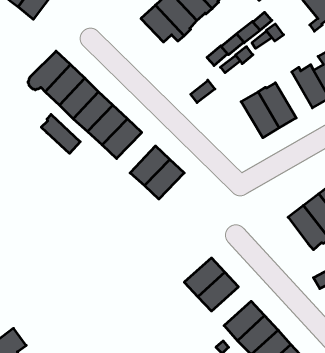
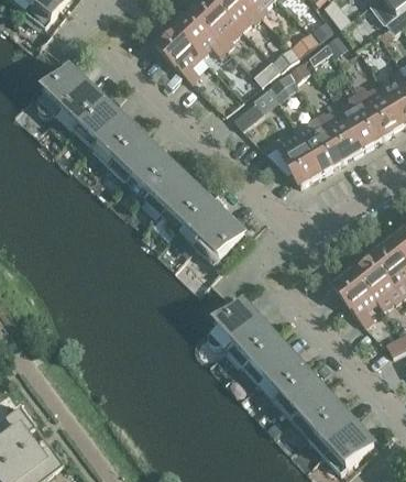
building: none -> [157,28,202,83]
building: none -> [339,92,384,149]
building: none -> [275,129,323,186]
building: [41,114,80,153] -> none
building: none -> [145,166,193,216]
building: none -> [197,216,245,265]
building: none -> [334,270,378,326]
building: none -> [208,300,261,349]
building: none -> [261,354,309,402]

